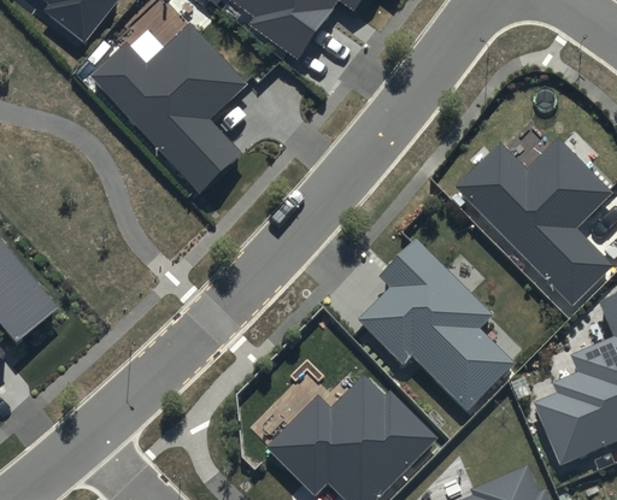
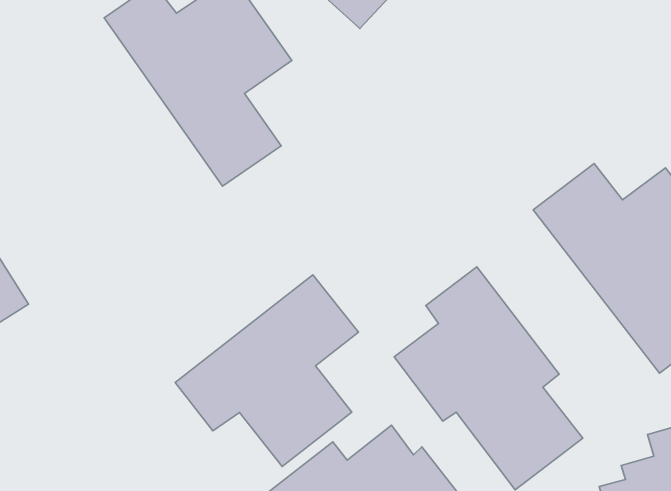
building: none -> [175,275,358,466]

